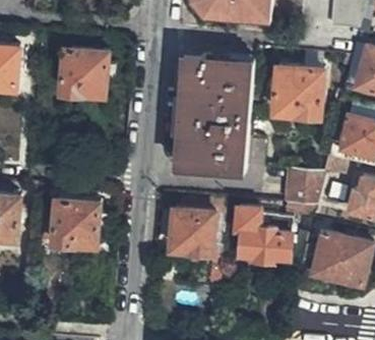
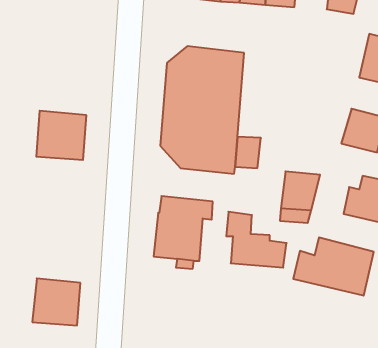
building: [58,52,104,97] -> [36,111,86,160]
building: [273,71,321,119] -> none
building: [51,204,95,246] -> [32,278,80,325]

